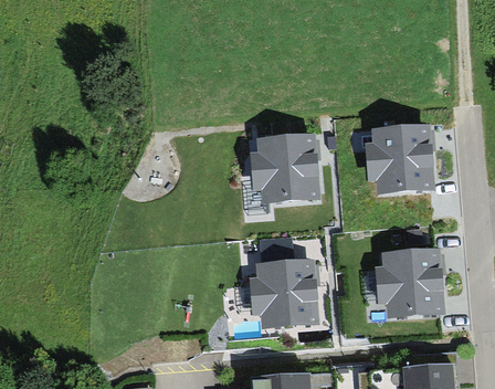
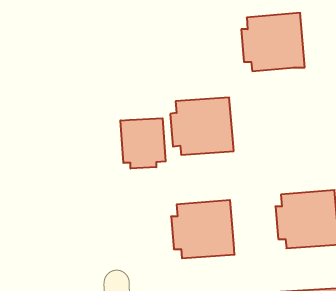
building: [362,120,440,191] -> [241,13,305,71]
building: none -> [120,118,166,169]

